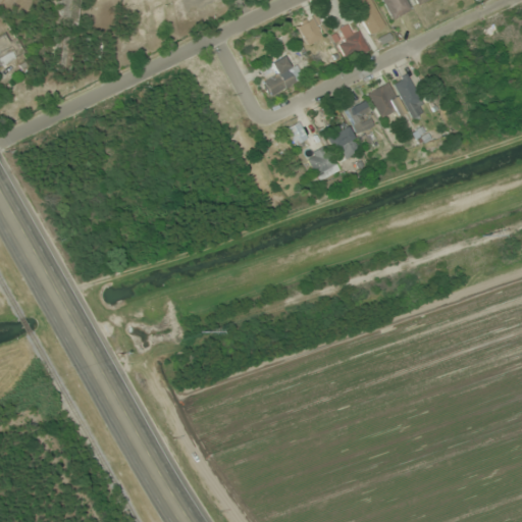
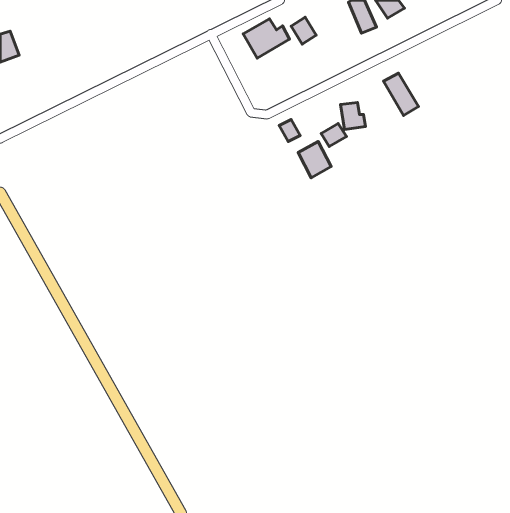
building: [338,31,369,59] -> none
building: [257,56,304,96] -> [243,19,289,58]
building: [369,83,404,120] -> none

